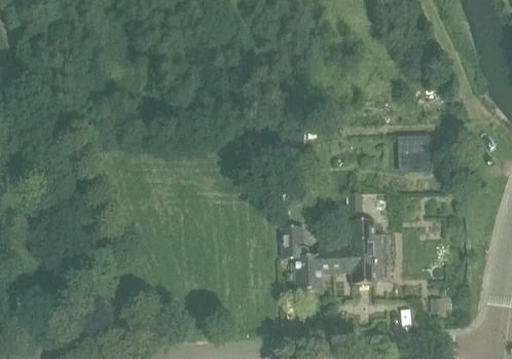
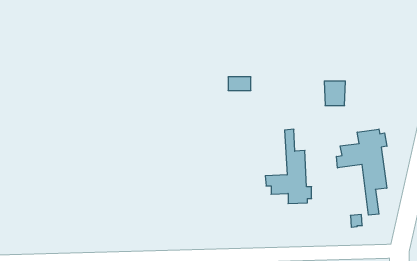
building: none -> [336,129,387,215]
building: [281,225,332,292] -> none

